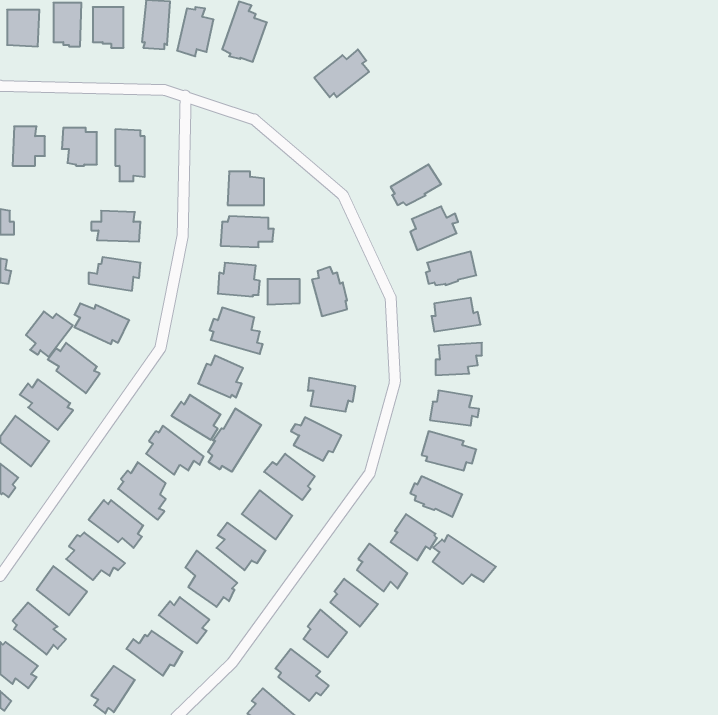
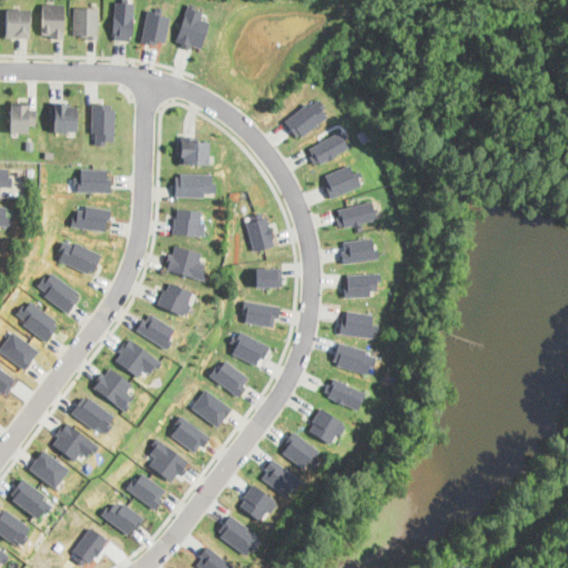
building: [314,49,369,97] -> [284,100,327,138]
building: [267,279,300,304] -> [256,268,282,288]
building: [26,311,73,357] -> none
building: [208,408,261,472] -> none
building: [433,535,496,584] -> none

